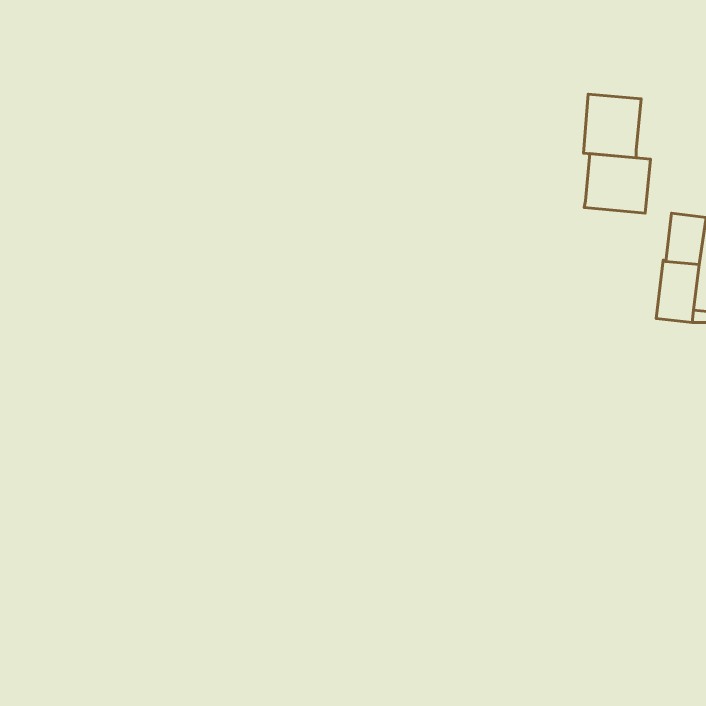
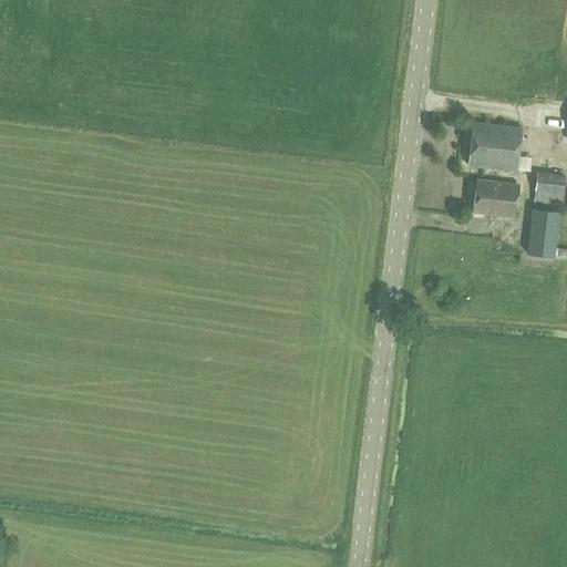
building: [583,94,641,158] -> none
building: none -> [473,179,519,217]

